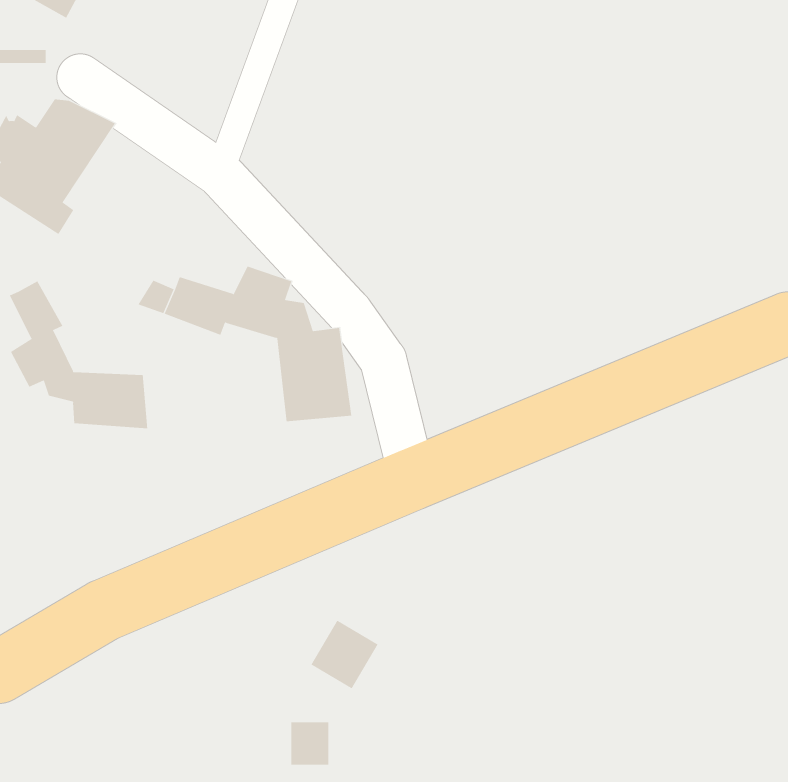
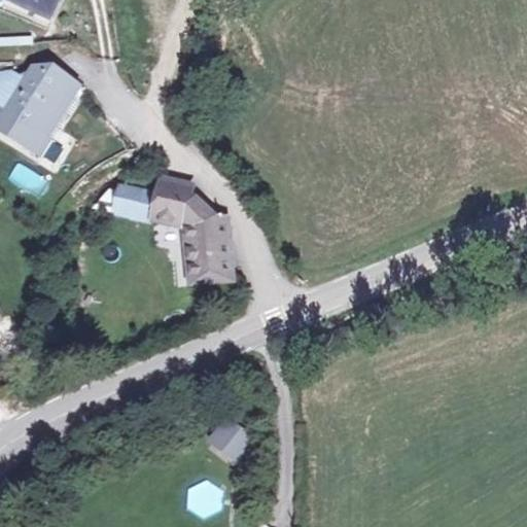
building: [9,281,148,429] -> none

